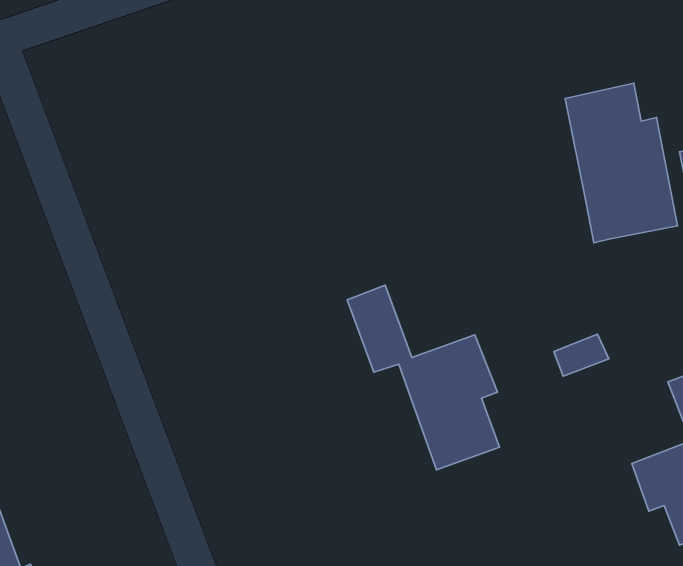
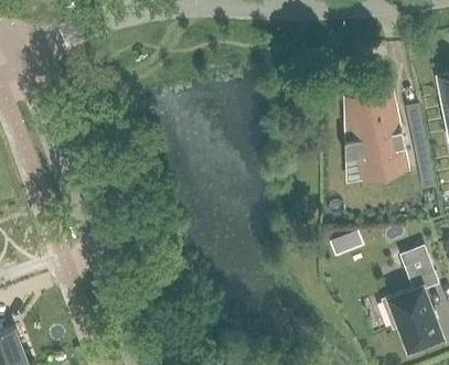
building: [347,285,500,470] -> none

